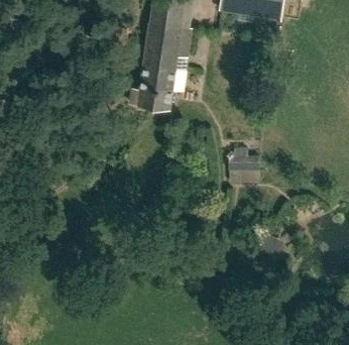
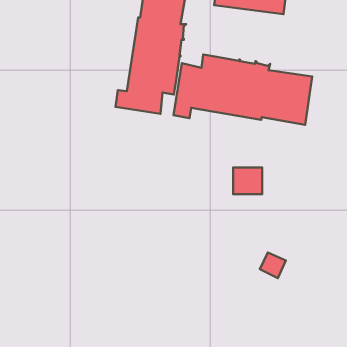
building: none -> [174,55,312,125]

